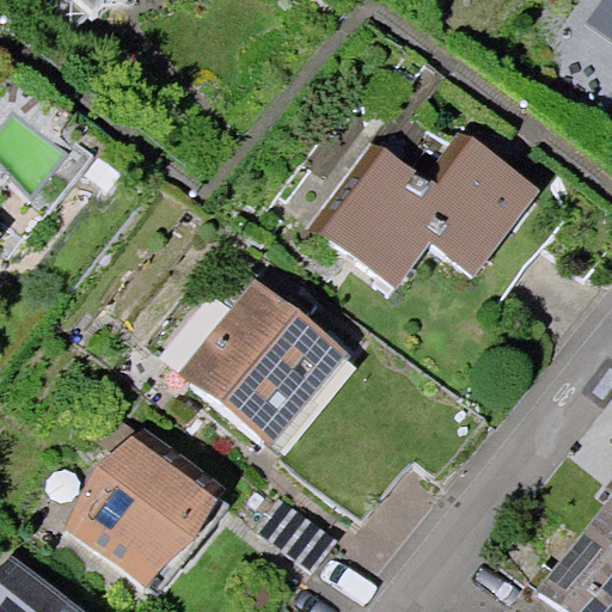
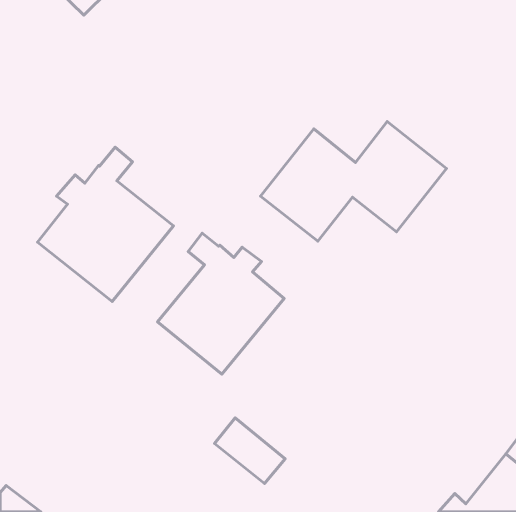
building: none -> [37,147,173,302]
building: [75,433,222,581] -> none

